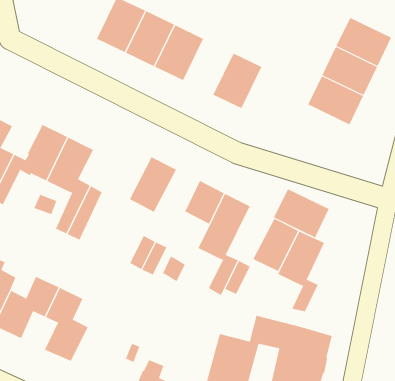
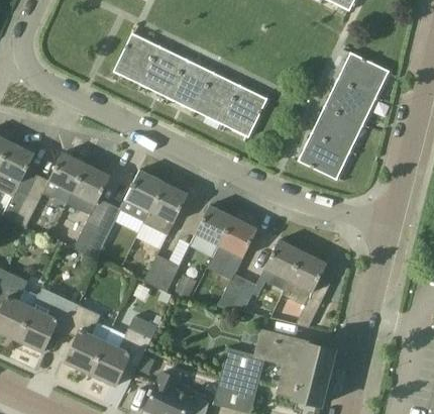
building: none -> [194,72,240,124]
building: none -> [120,170,164,221]
building: [273,188,329,238] -> [297,133,349,180]
building: none -> [89,315,156,386]

